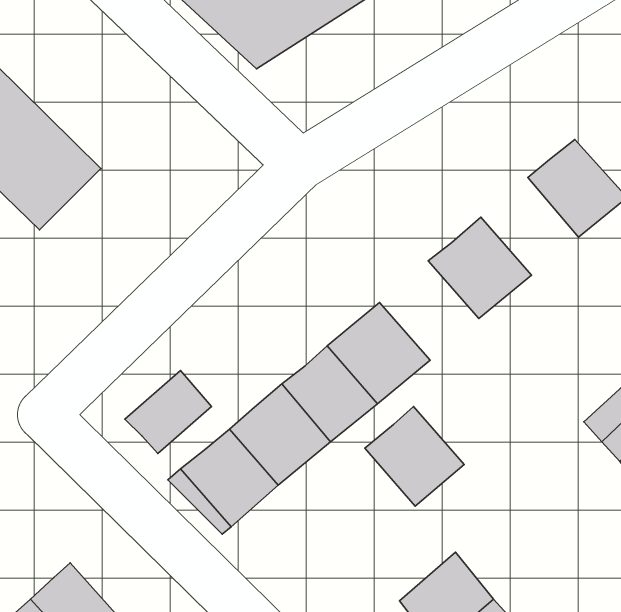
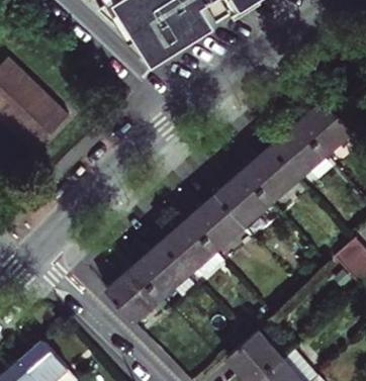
building: none -> [277,123,332,178]
building: [125,370,211,454] -> none
building: [365,406,464,506] -> [220,170,276,225]

